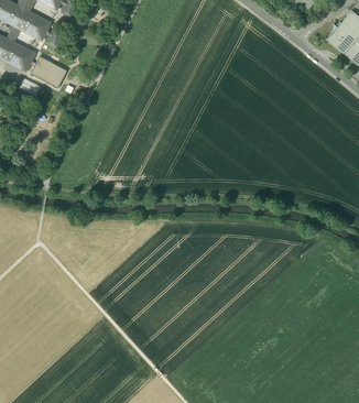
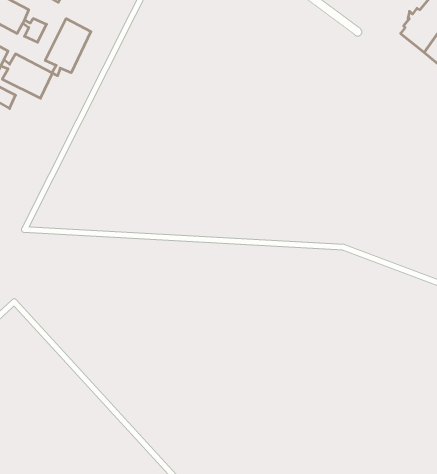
building: none -> [45,19,91,76]

